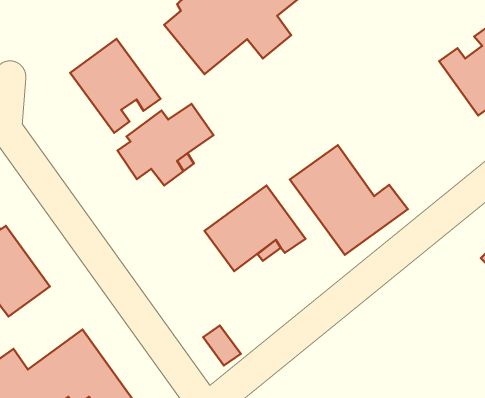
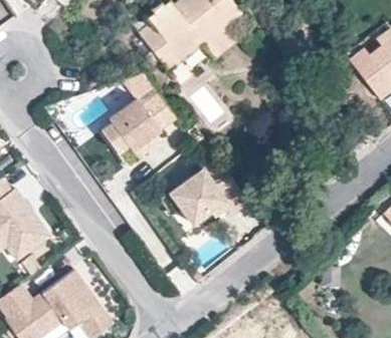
building: [70,39,160,133] -> none
building: [290,145,408,255] -> none

